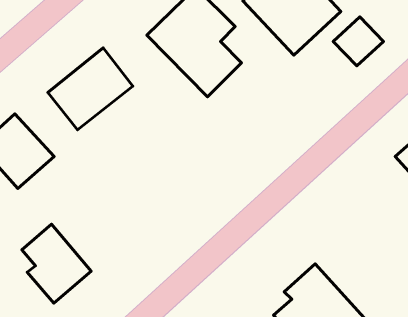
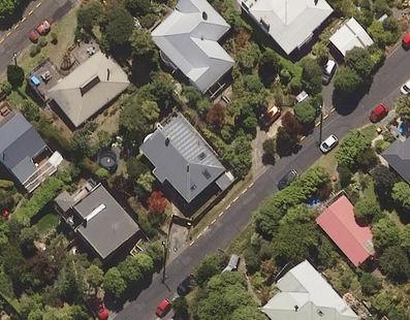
building: none -> [138,115,227,202]
building: none -> [316,194,386,266]
building: [22,224,91,303] -> [71,184,138,260]

